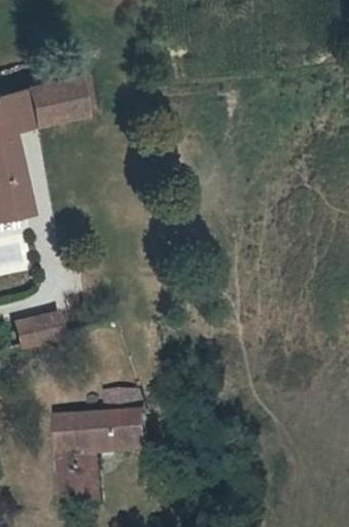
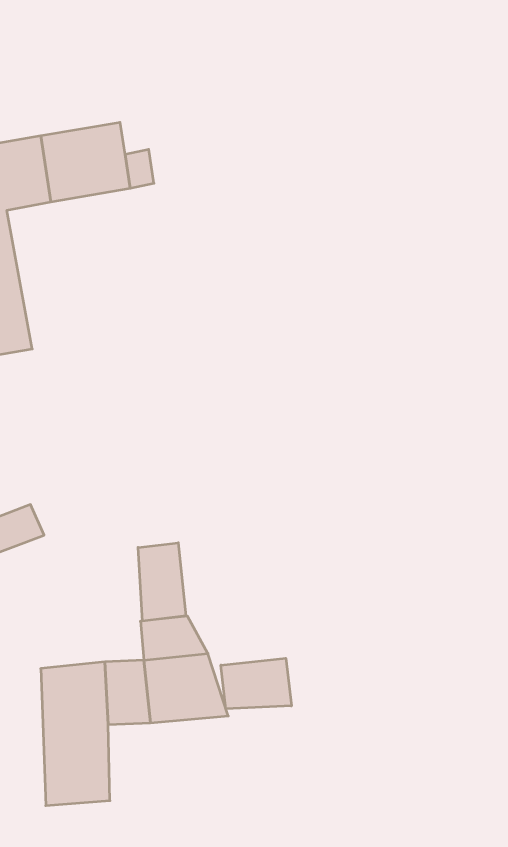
building: none -> [138,543,186,621]
building: none -> [221,658,291,709]

